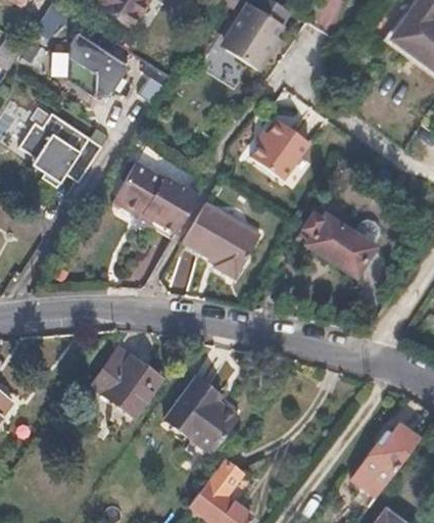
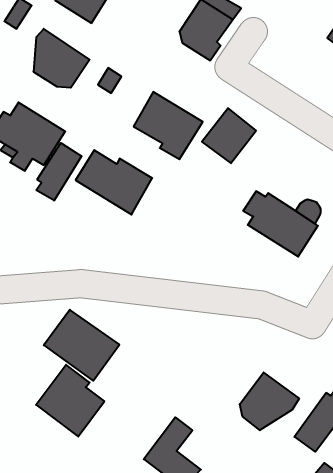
building: none -> [36,143,82,201]
building: [183,205,258,279] -> [134,92,203,159]
building: [165,373,240,451] -> [36,365,104,437]
building: none -> [240,372,299,430]

